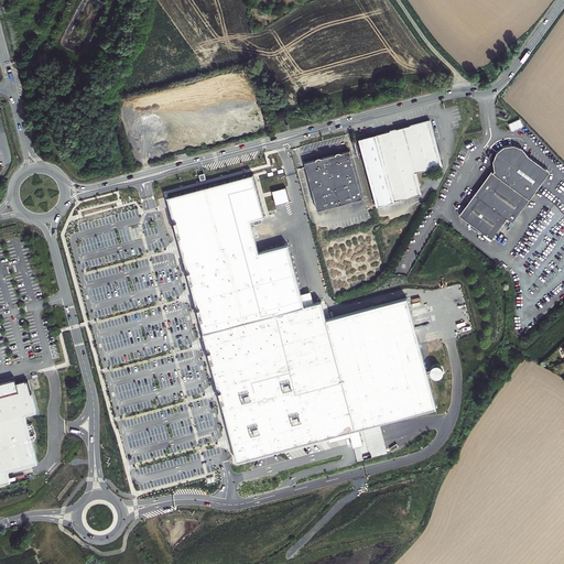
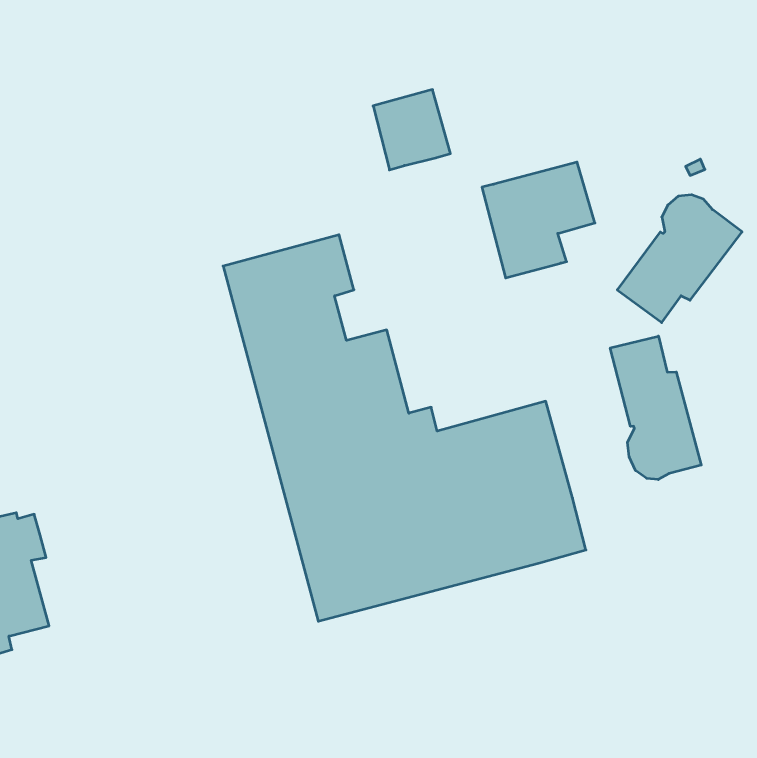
building: [303,152,360,212] -> [373,90,450,170]
building: none -> [610,336,701,480]

